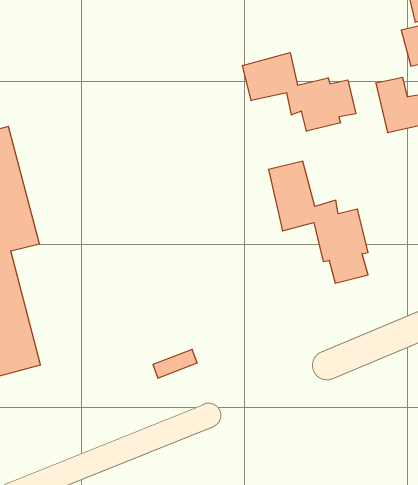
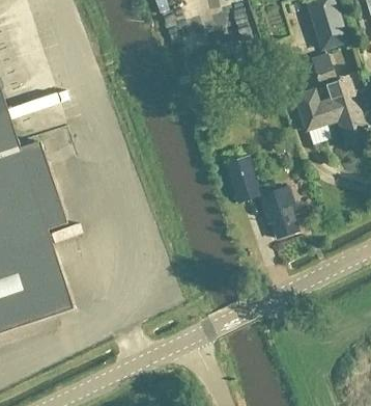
building: [242,53,356,131] -> none

